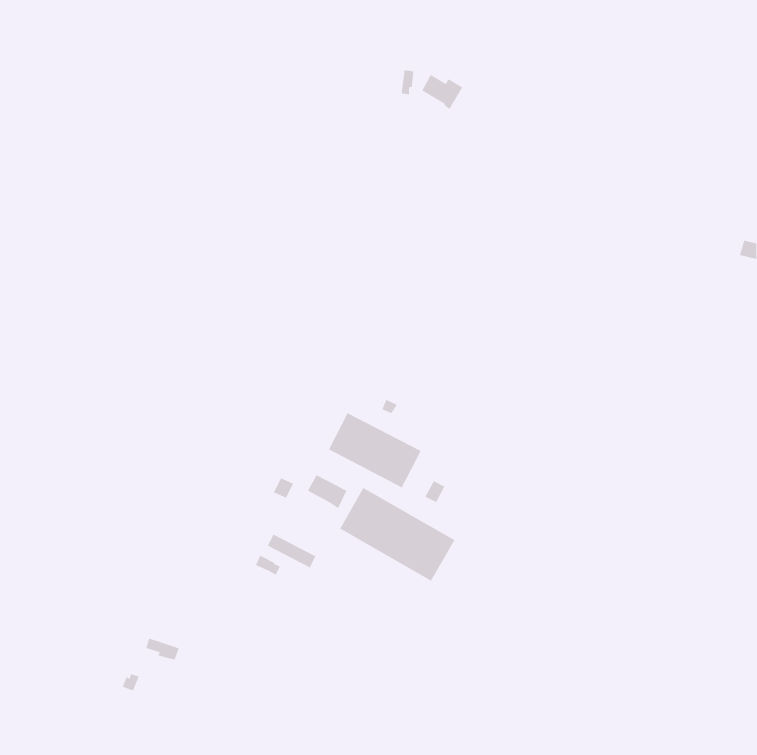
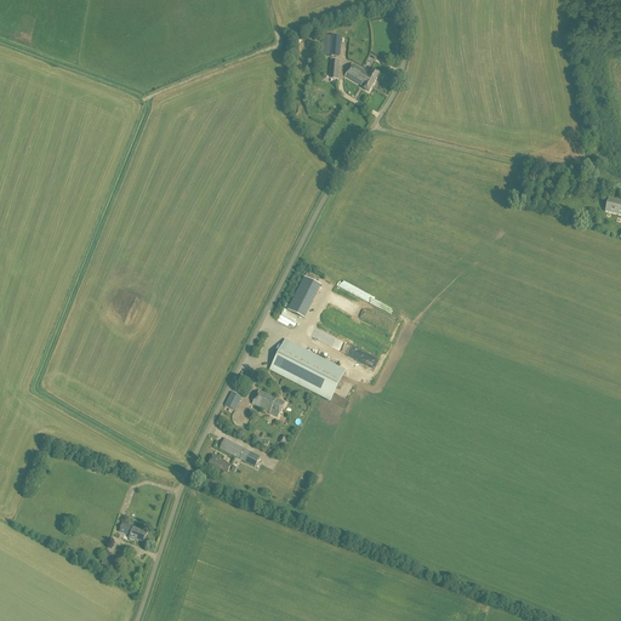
building: none -> [287,272,320,314]
building: [339,487,455,581] -> none

